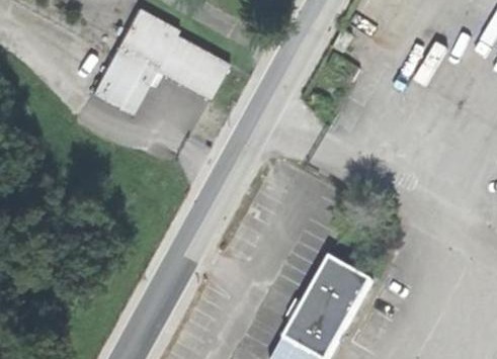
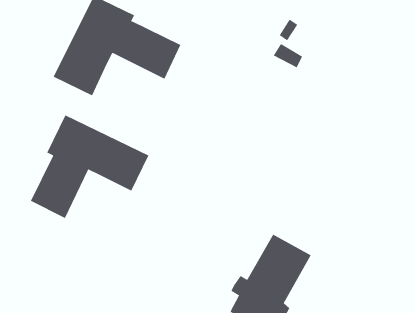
building: none -> [30,115,149,219]

